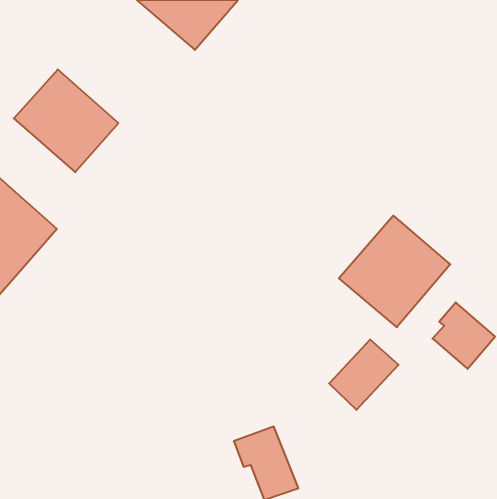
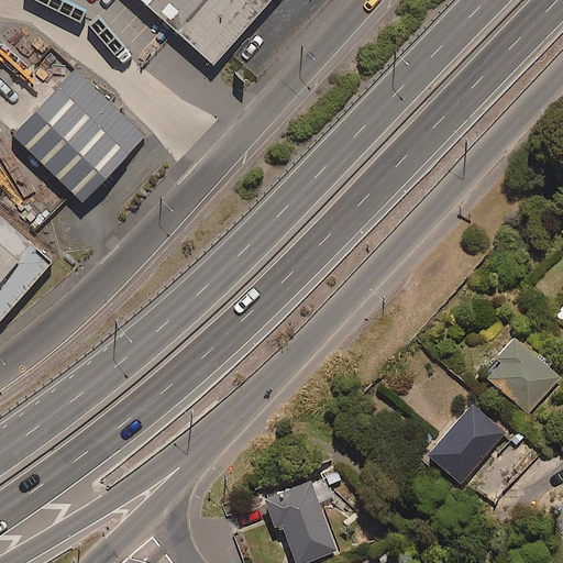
building: [339,216,450,327] -> none
building: [329,339,399,410] -> [428,402,506,482]

